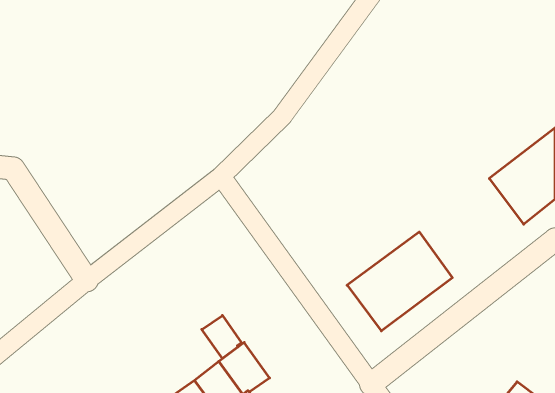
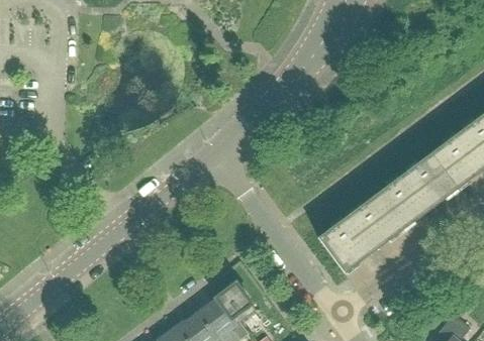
building: none -> [375,152,458,231]
building: [202,315,241,358] -> none

